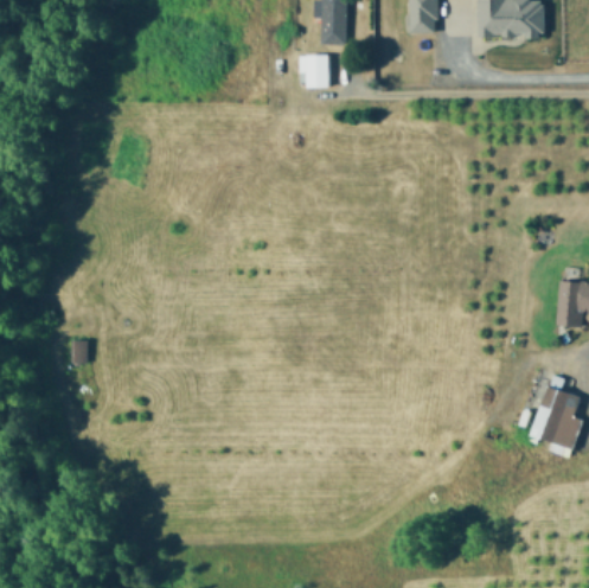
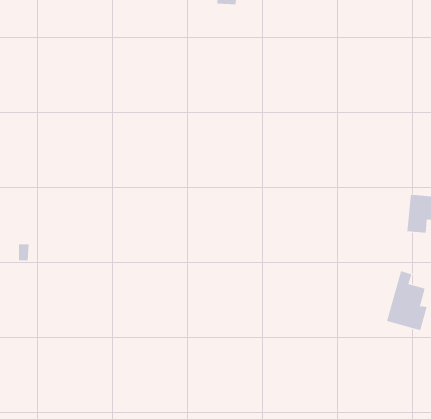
building: [299,56,329,88] -> none

